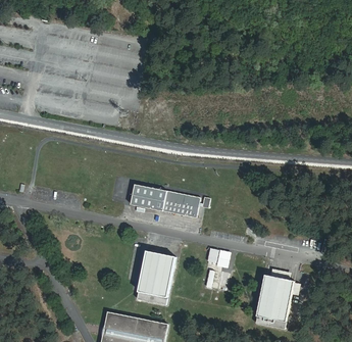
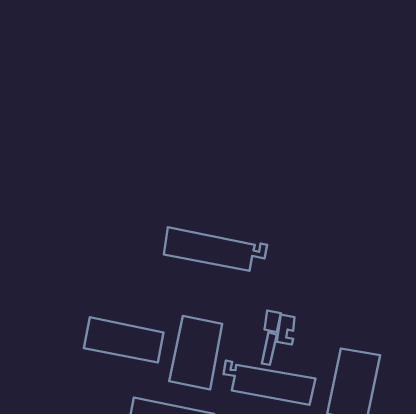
building: none -> [84,317,164,362]
building: none -> [224,361,316,405]

